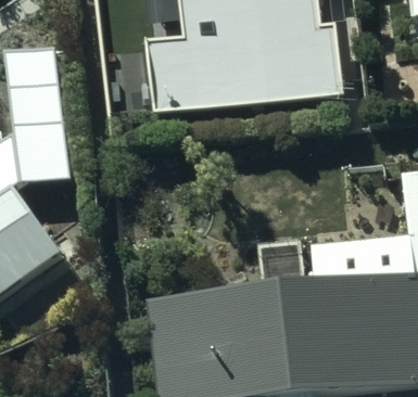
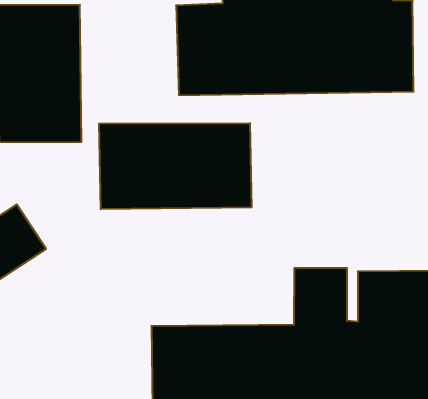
building: none -> [99,123,252,209]

